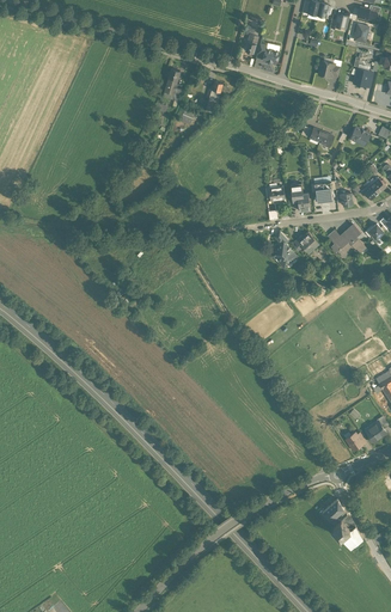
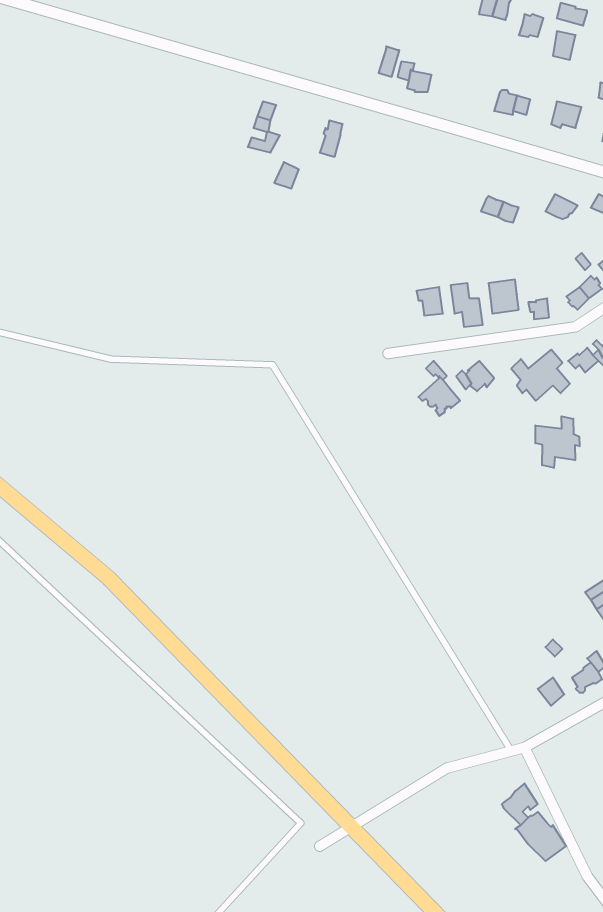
building: none -> [535,416,580,468]

